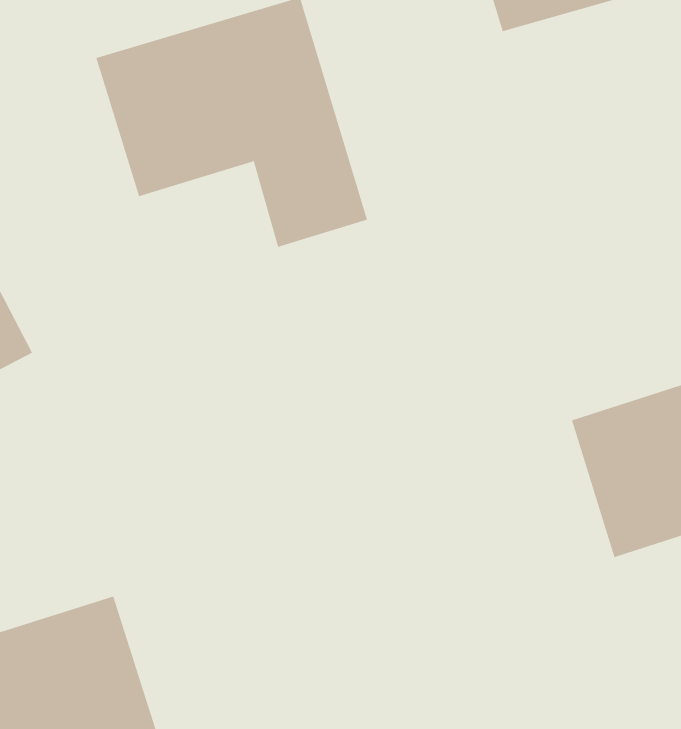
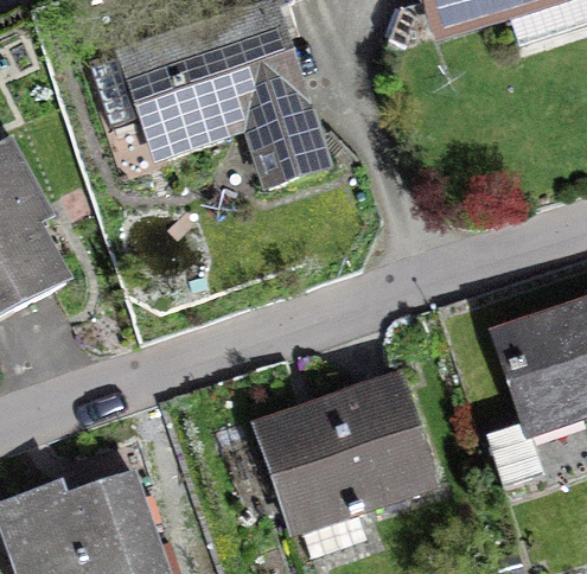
building: none -> [255,376,442,535]

